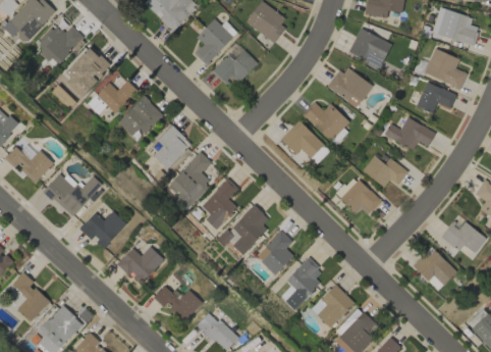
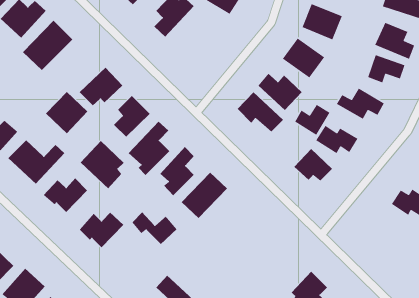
building: [213,49,258,83] -> none
building: [93,68,138,113] -> [45,91,88,134]
building: none -> [294,104,330,136]
building: none -> [80,140,124,189]
building: [256,230,293,274] -> none
building: [415,248,456,284] -> none
building: [280,256,321,310] -> none
building: [311,284,354,328] -> none
building: [154,285,202,319] -> [131,212,177,245]

